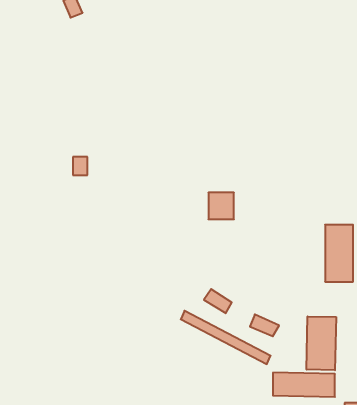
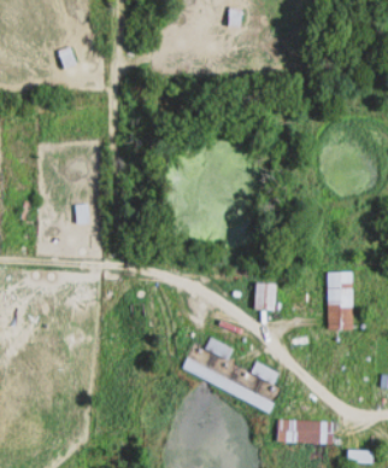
building: [208,193,234,219] -> [252,283,277,310]
building: [307,316,336,370] -> none

